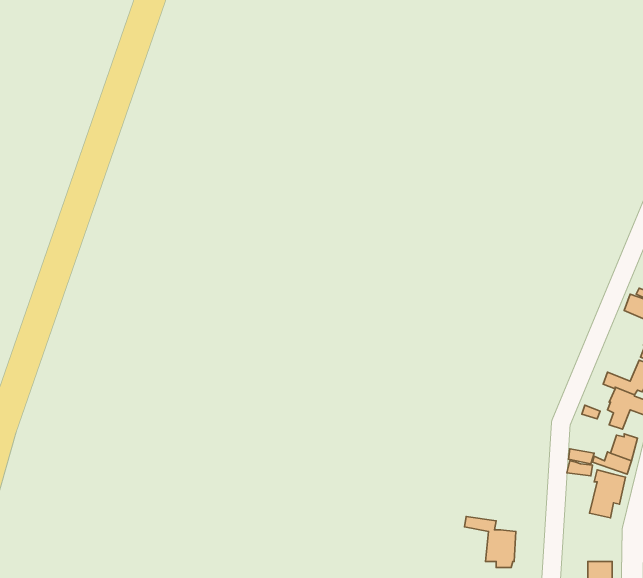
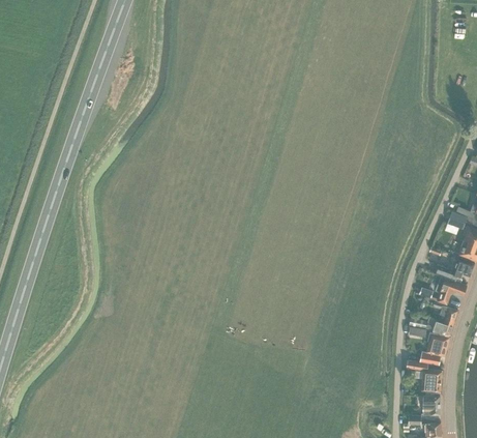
building: [465,516,516,567] -> [405,360,440,396]

